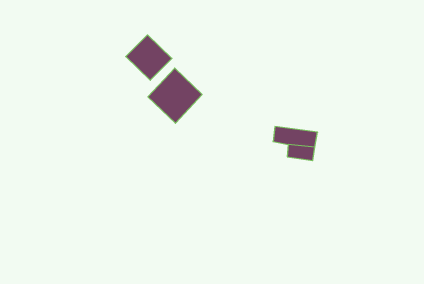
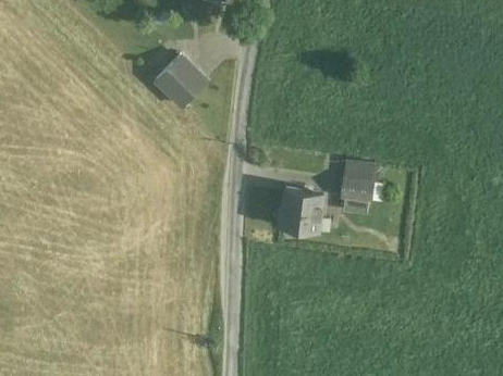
building: [148,68,202,123] -> none
building: none -> [278,191,323,235]

